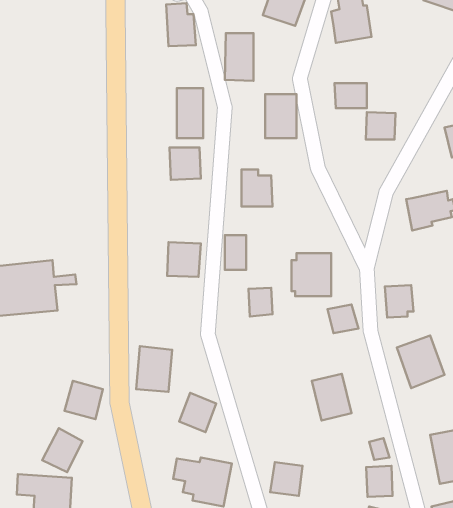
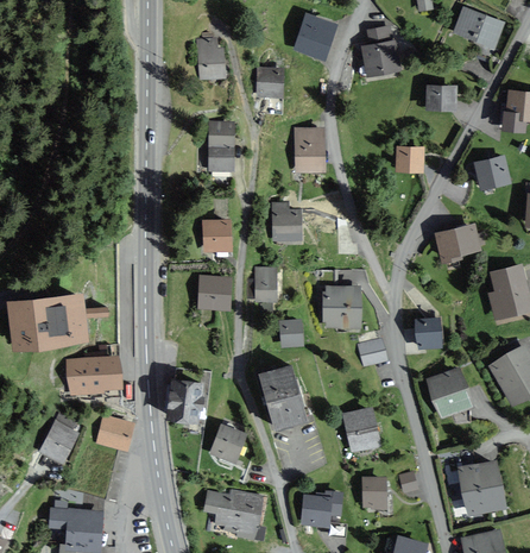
building: [335,83,367,108] -> [424,84,456,109]
building: [170,147,201,180] -> [201,220,232,252]
building: none -> [65,356,121,394]
building: none -> [257,366,305,431]
building: [42,428,83,472] -> [38,419,78,463]
building: [366,466,393,497] -> [361,476,387,507]

